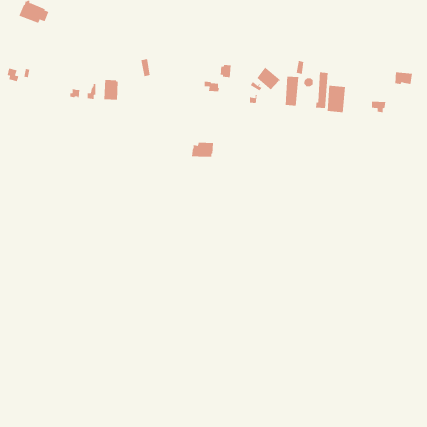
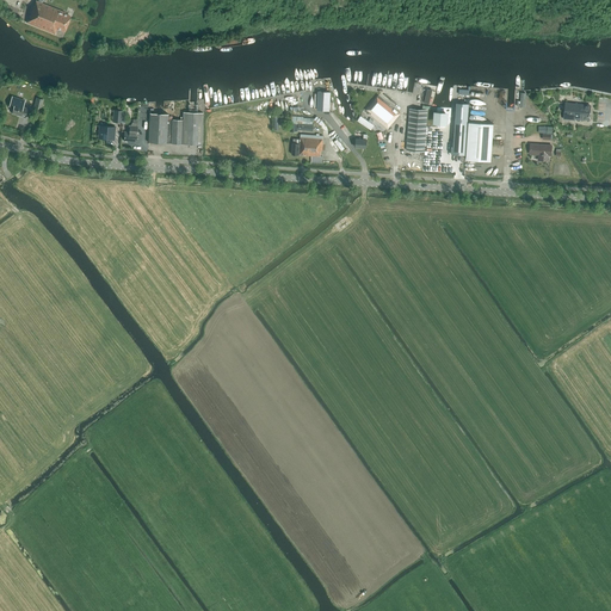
building: none -> [168,112,203,144]
building: [191,142,214,157] -> [291,135,323,156]

